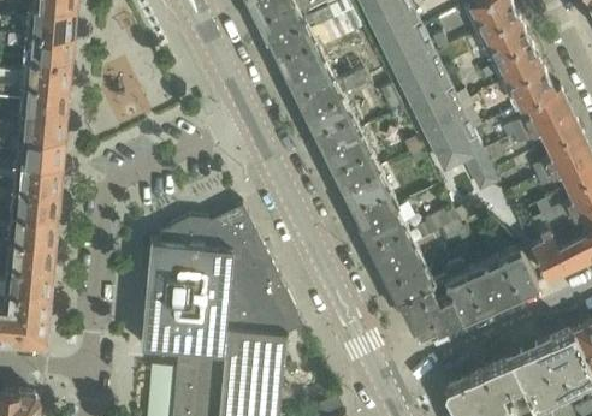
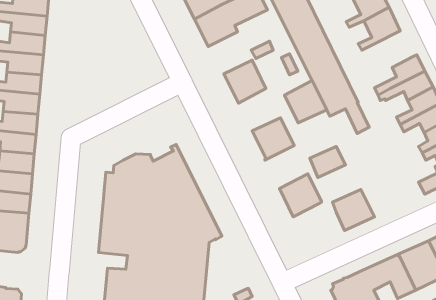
building: [503,58,553,109] -> none
building: [284,59,342,114] -> none
building: [324,133,379,189] -> [285,81,327,123]
building: [359,208,415,265] -> none
building: [529,218,569,281] -> none
building: [485,250,537,302] -> none
building: [398,284,463,337] -> none

